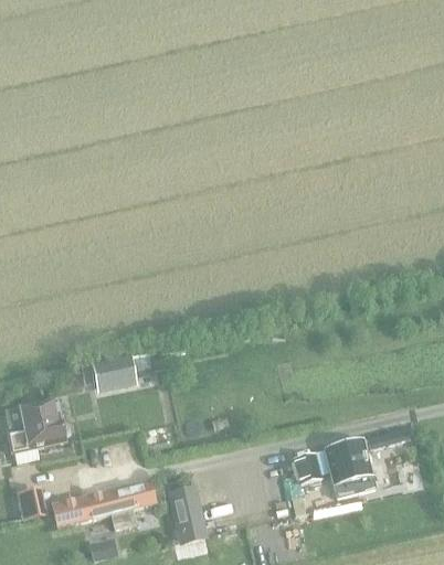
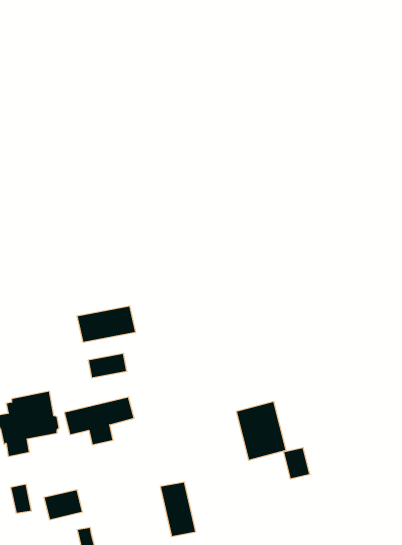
building: none -> [77,306,135,342]
building: [324,438,373,497] -> [236,402,286,460]
building: [86,479,156,526] -> [64,397,134,445]

